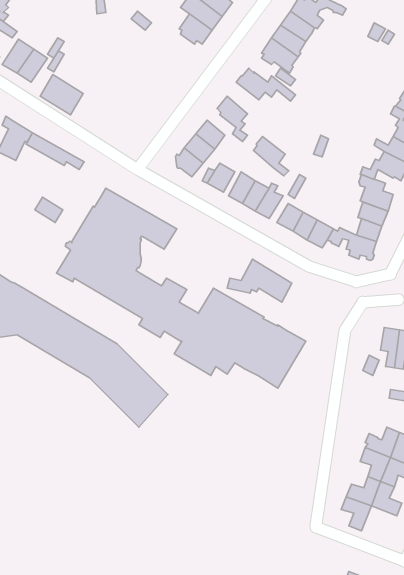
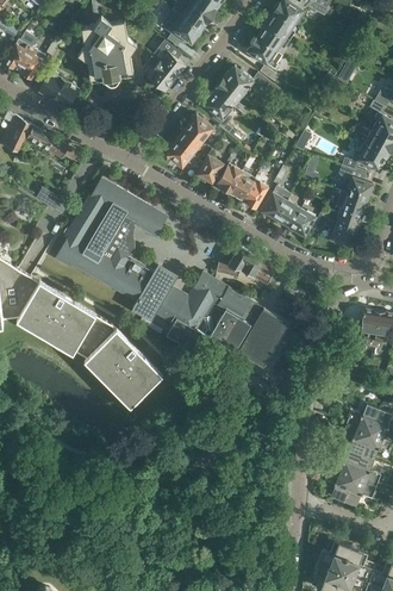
building: none -> [77,15,137,85]
building: none -> [146,51,186,92]
building: [253,137,289,176] -> [216,79,249,116]
building: none -> [342,478,375,506]

